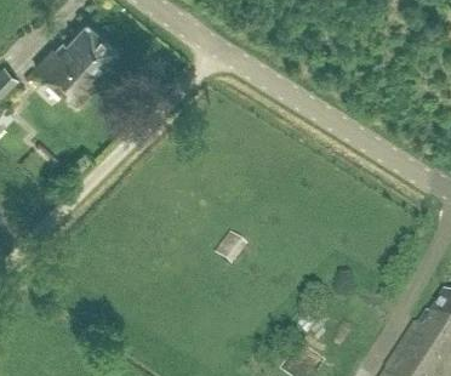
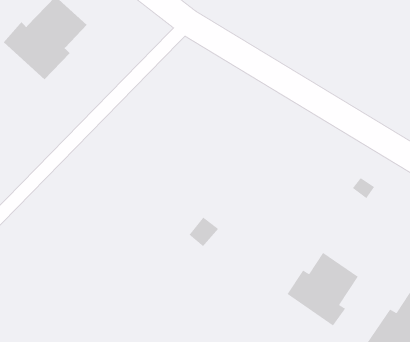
building: none -> [286,252,359,327]

